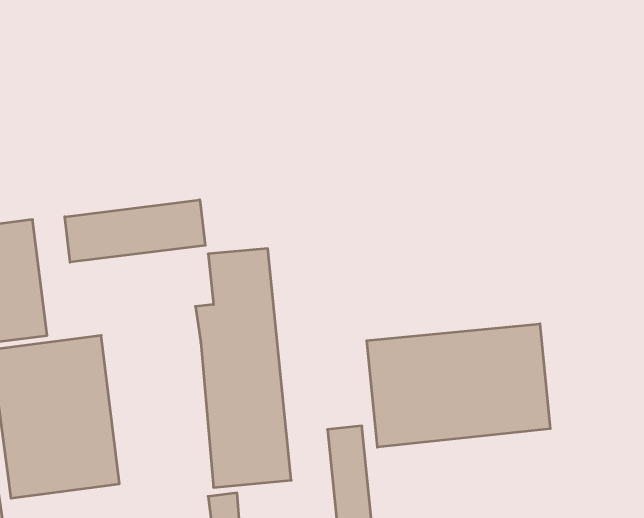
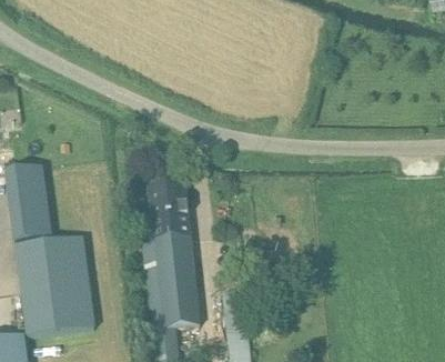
building: [65,200,205,262] -> none
building: [367,324,550,447] -> none

